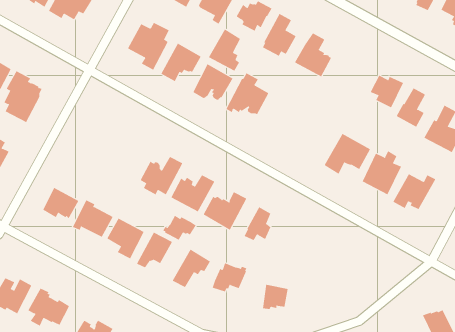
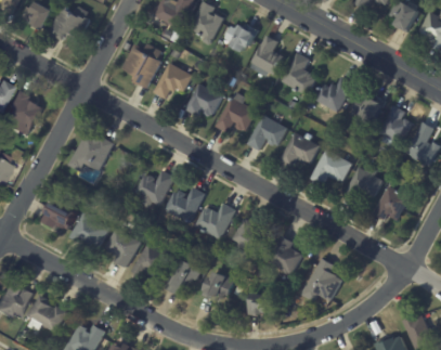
building: [208,28,241,71] -> none
building: none -> [314,76,353,113]
building: none -> [247,115,287,151]
building: none -> [68,130,113,171]
building: none -> [278,132,319,169]
building: [163,215,197,240] -> none
building: none -> [265,236,301,278]
building: none -> [301,258,342,301]

